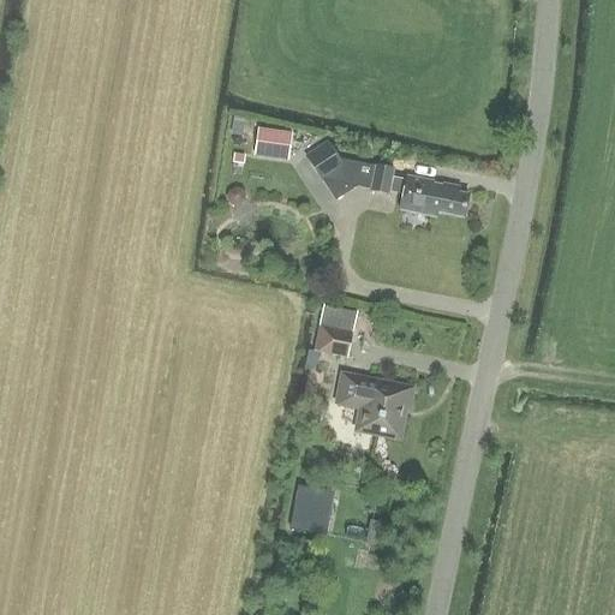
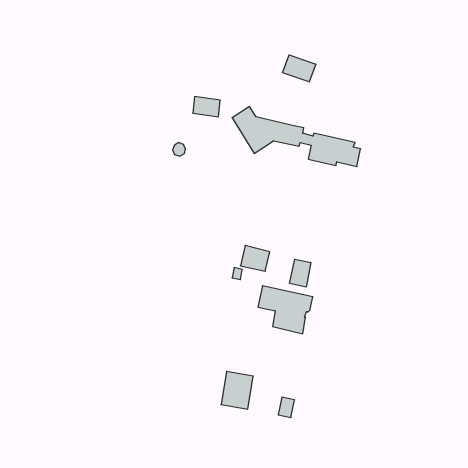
building: none -> [282,55,316,82]
building: none -> [290,259,311,287]

